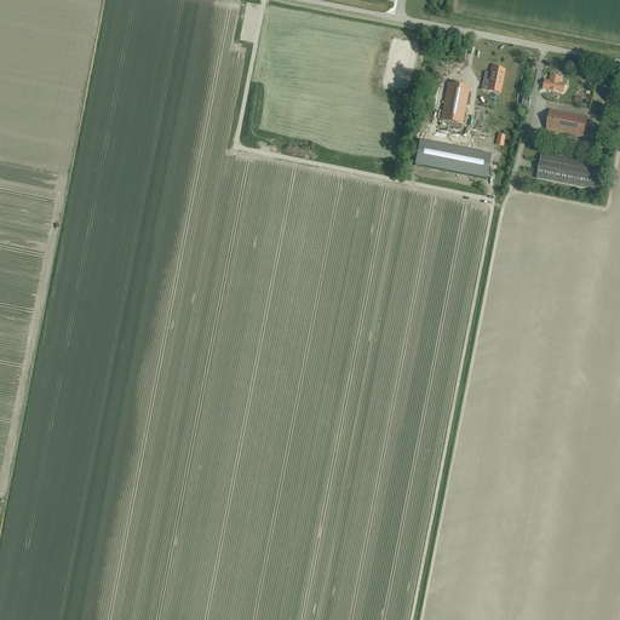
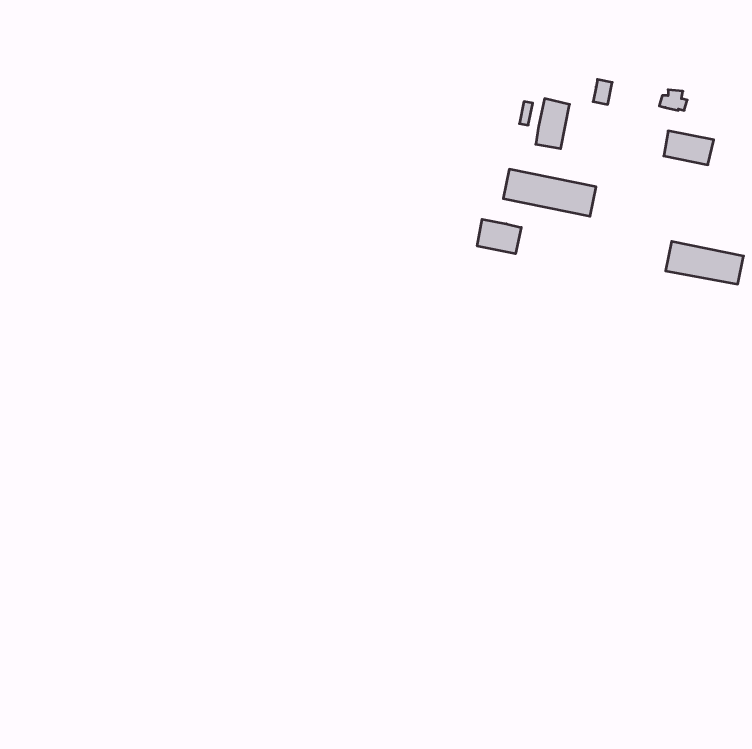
building: [536,153,601,188] -> [666,241,744,284]
building: none -> [477,219,521,254]

